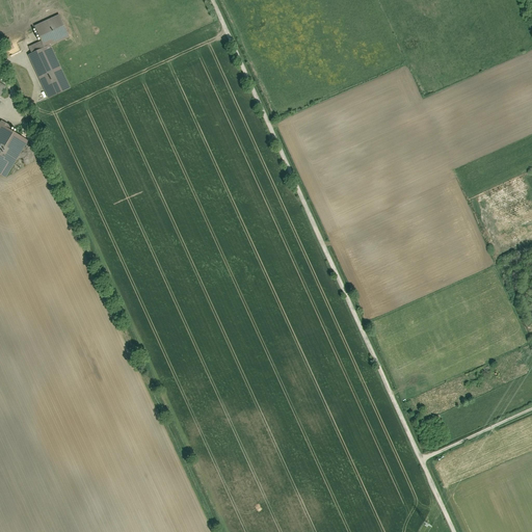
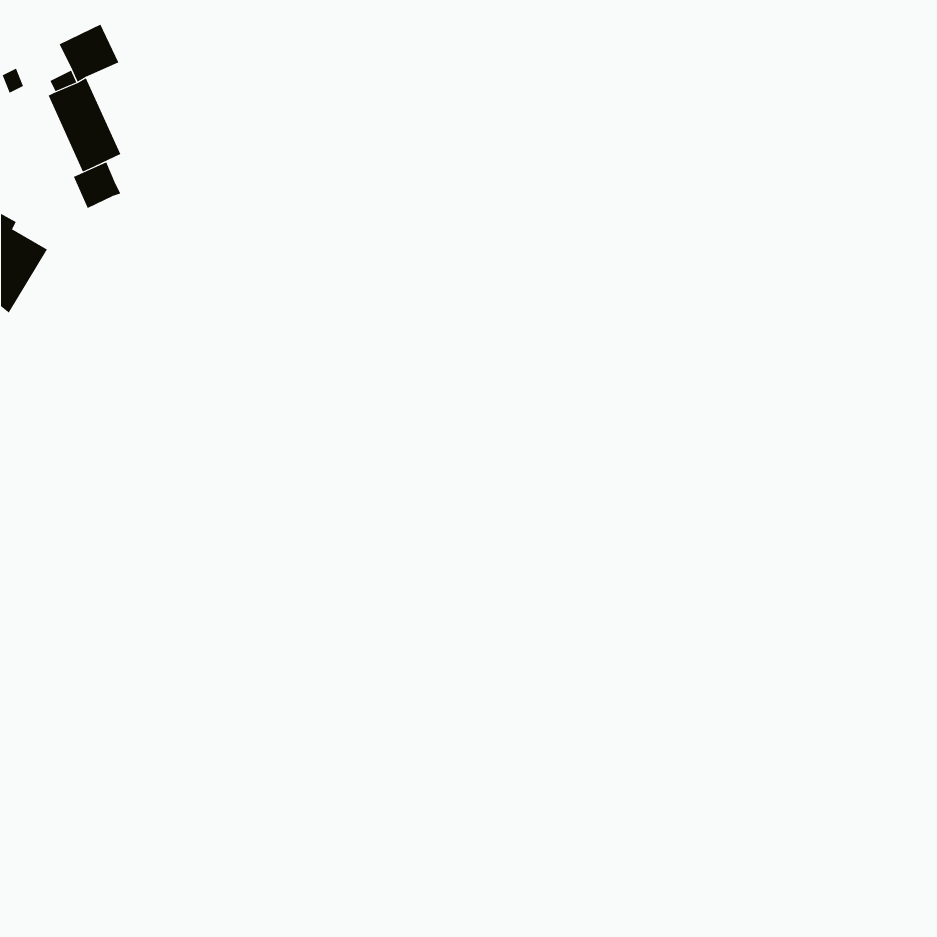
building: none -> [73,162,121,209]

